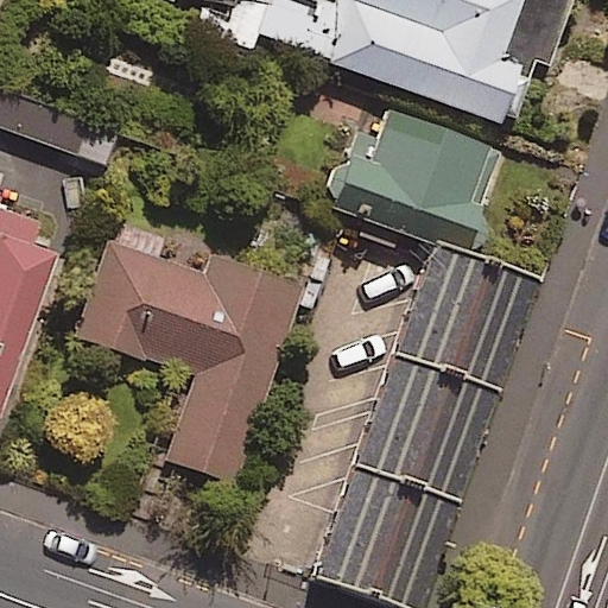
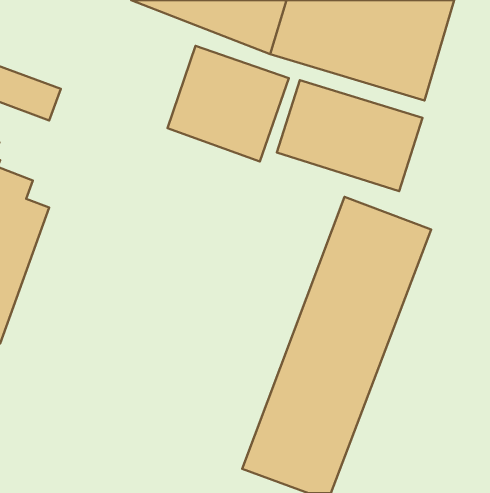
building: none -> [167,46,289,161]
building: [74,242,303,488] -> none

